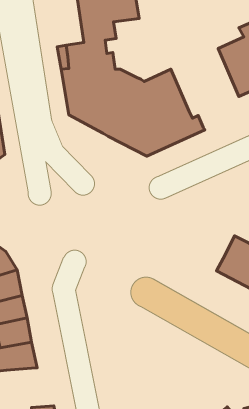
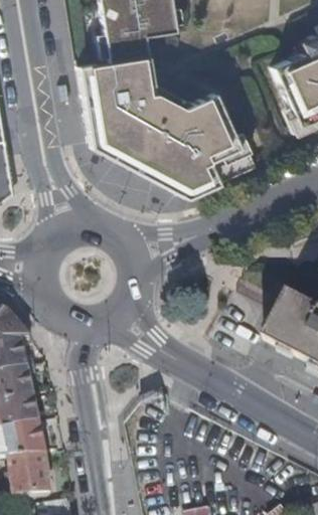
building: none -> [12,452,51,492]

